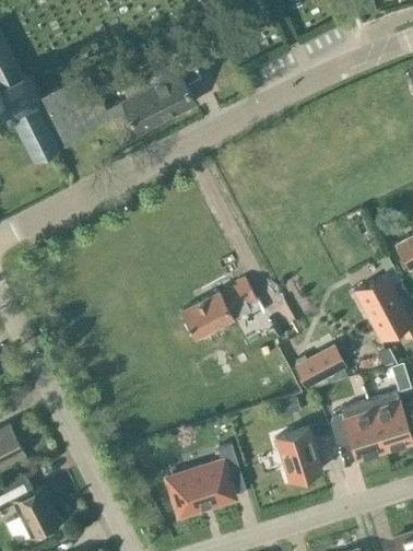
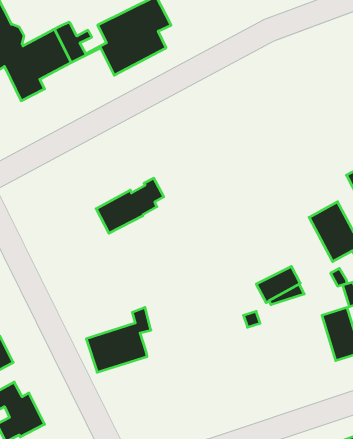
building: [181,278,257,339] -> [96,178,164,233]
building: [332,401,385,460] -> none
building: [275,429,322,481] -> none
building: [167,444,239,516] -> [86,307,151,372]

